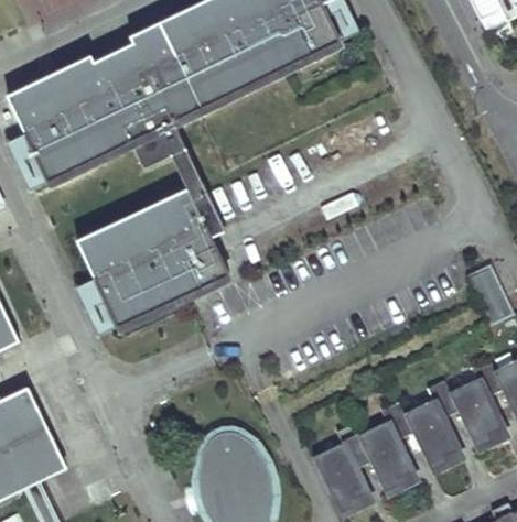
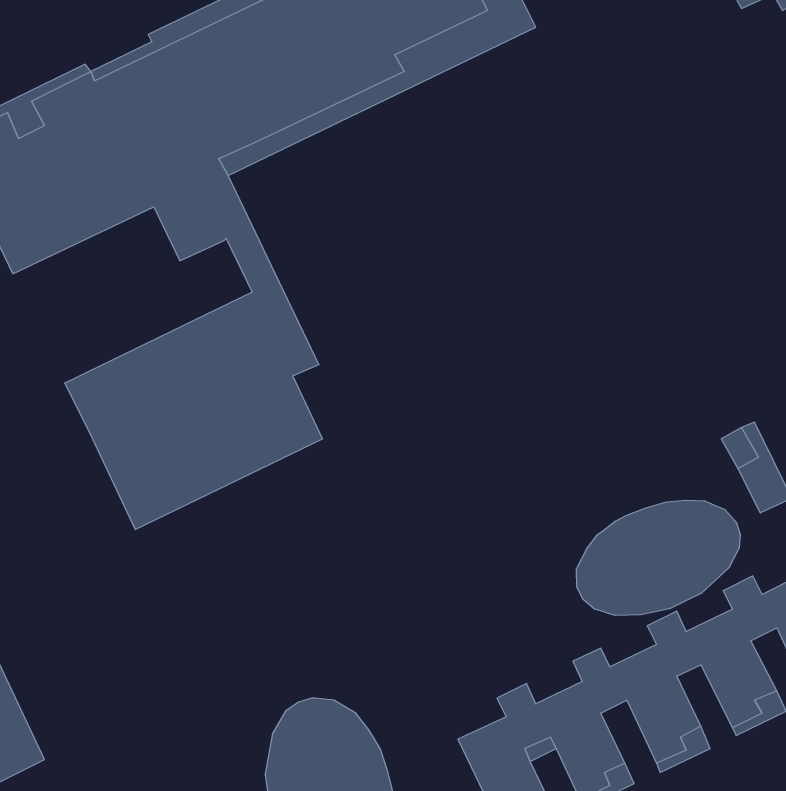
building: none -> [576,500,740,615]

